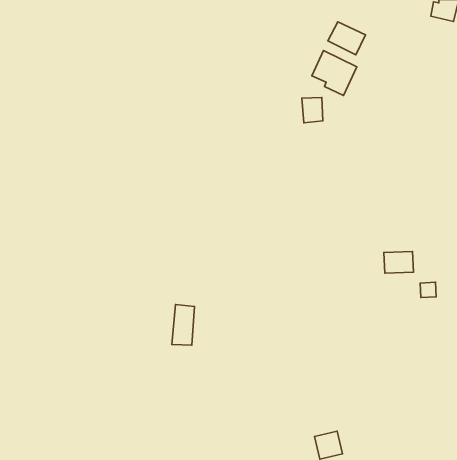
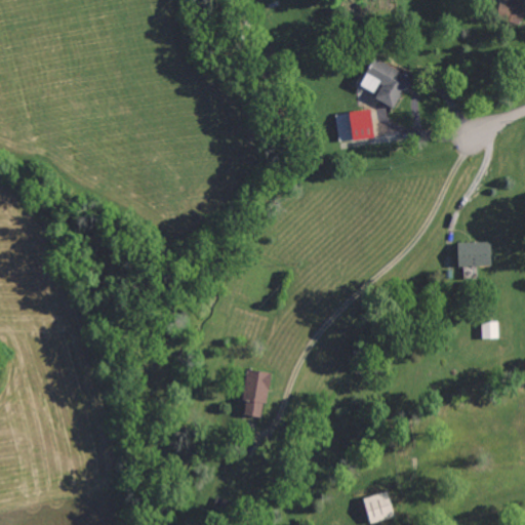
building: [328,22,365,55] -> none
building: [384,252,414,273] -> [456,242,490,267]
building: [172,305,194,345] -> [242,369,268,415]

